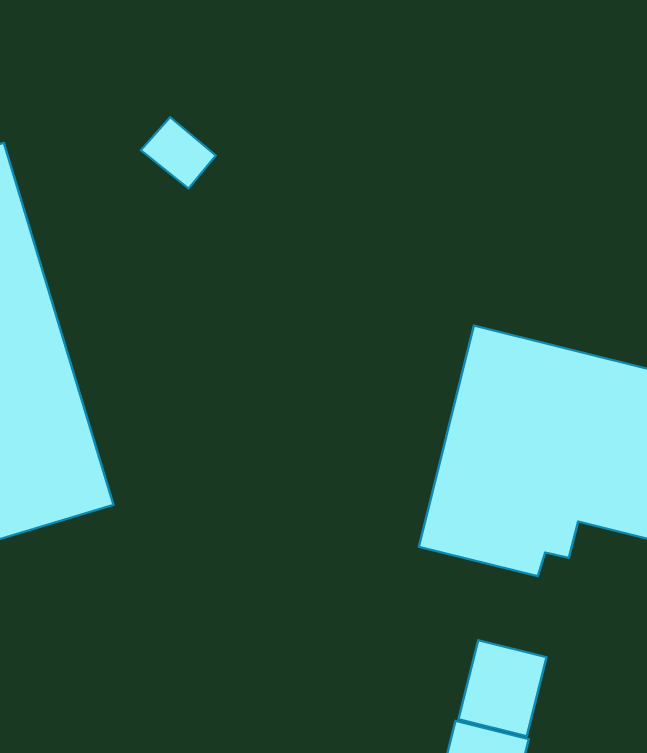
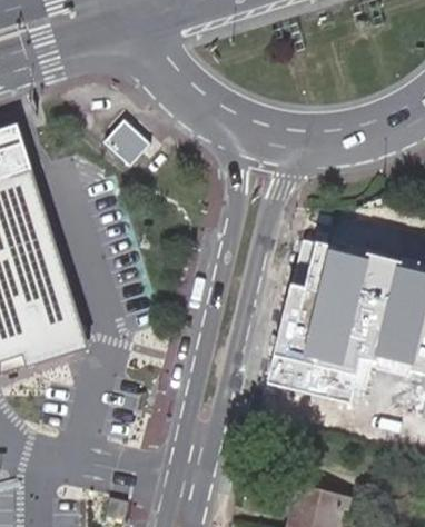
building: [458,640,547,736] -> none

